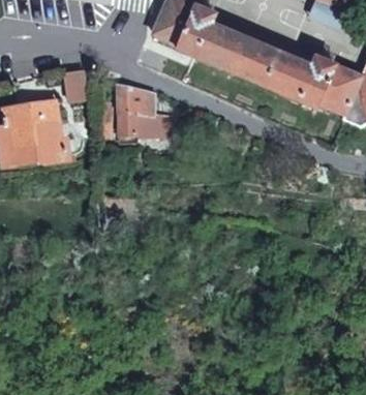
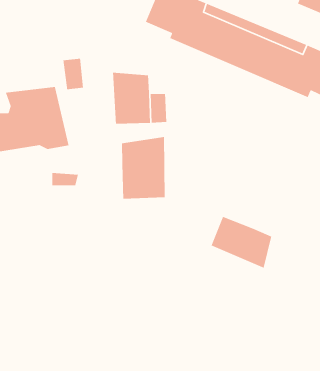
building: none -> [121,136,165,199]
building: none -> [211,216,272,269]

